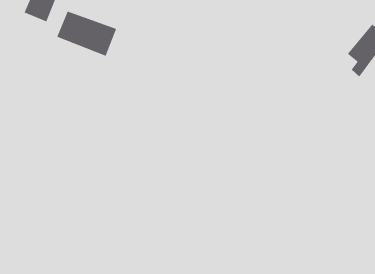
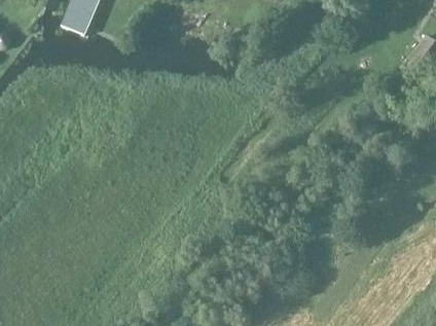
building: [56,10,117,57] -> none

